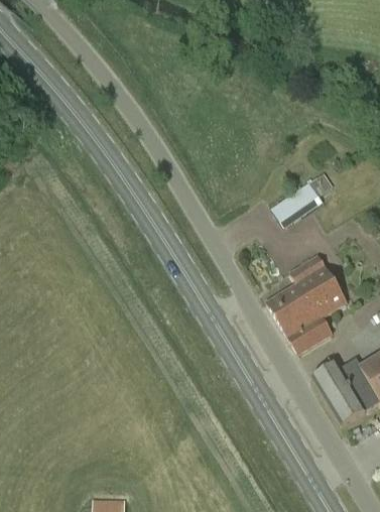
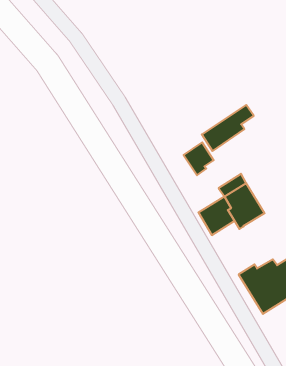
building: none -> [184,142,214,175]
building: [283,310,332,353] -> none

